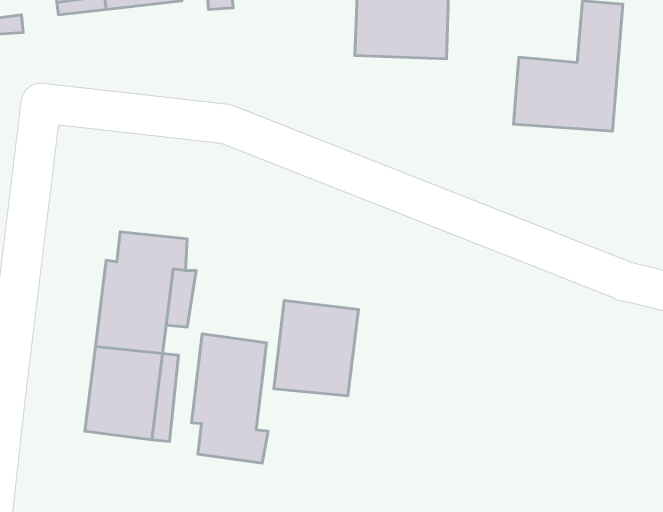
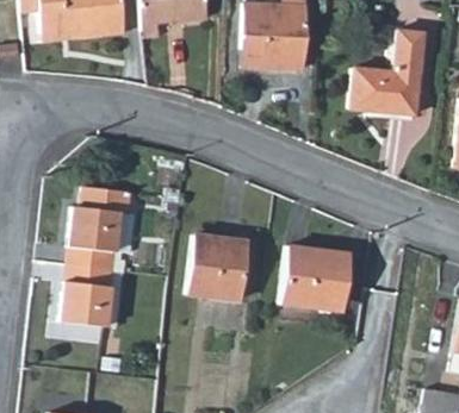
building: none -> [283,245,346,308]
building: [191,334,268,463] -> none

